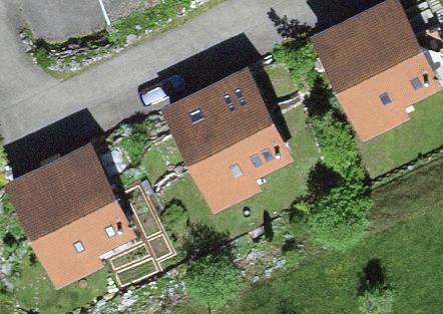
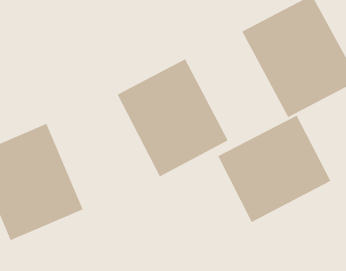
building: none -> [217,115,331,223]

